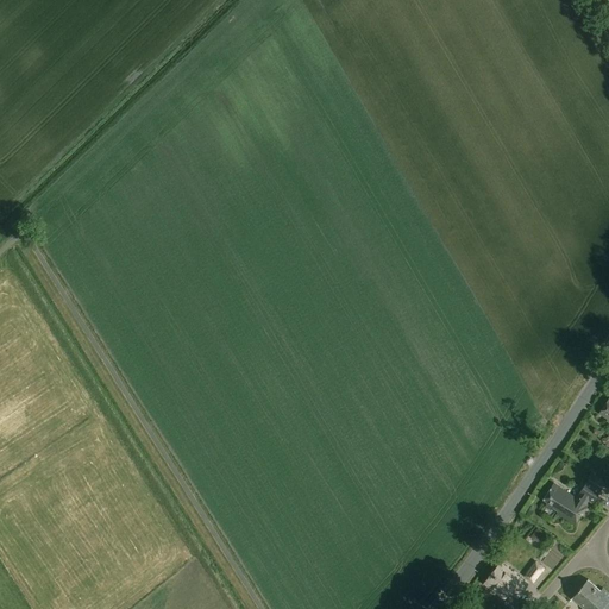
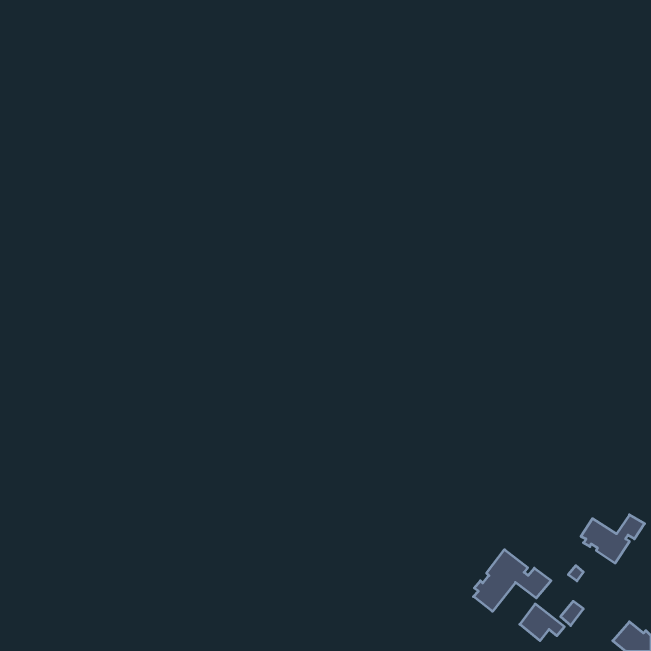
building: none -> [473,550,551,611]

